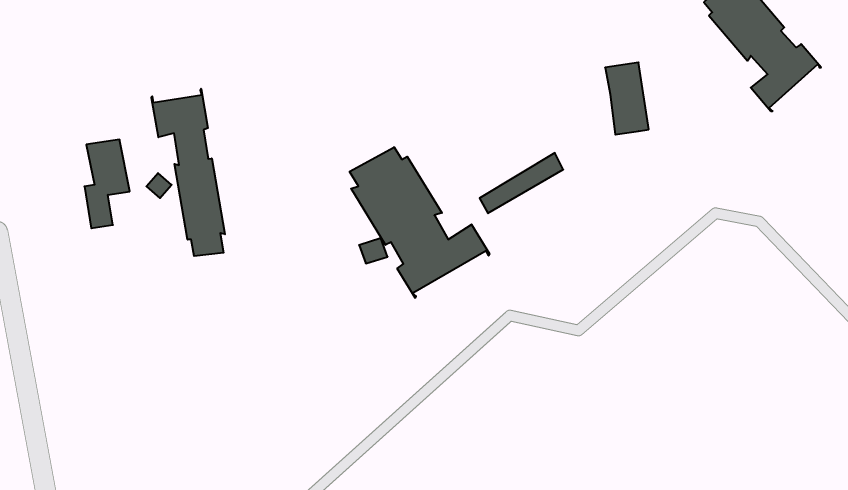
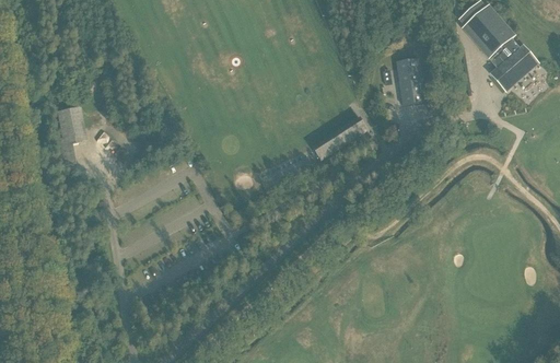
building: [152,89,225,256] -> none
building: [350,147,489,298] -> none

